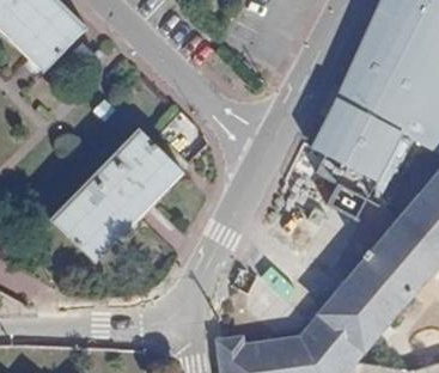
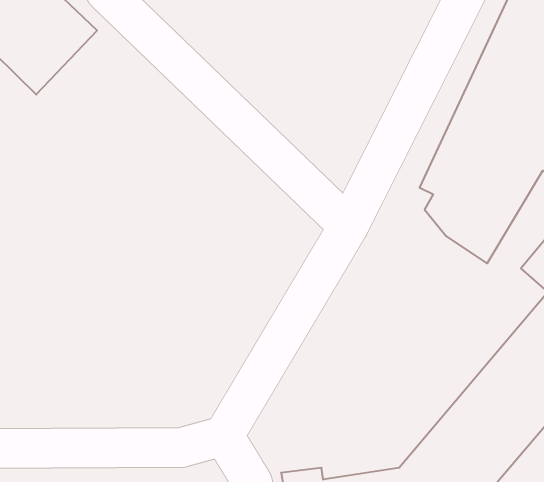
building: [53,129,183,261] -> none

